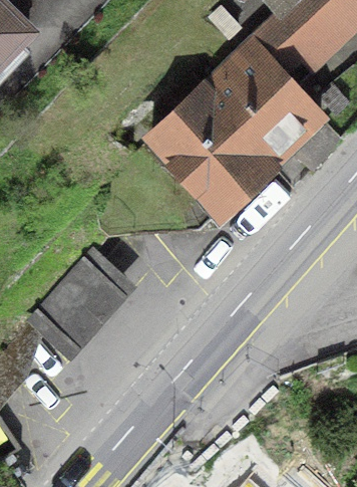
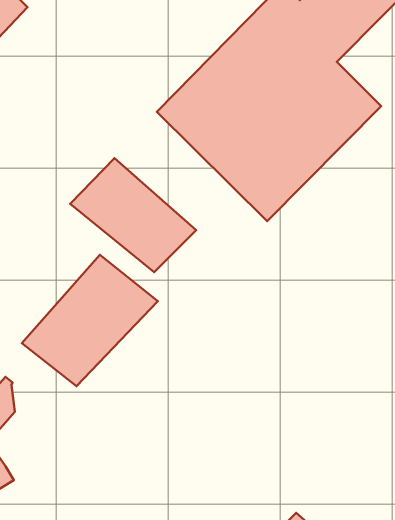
building: none -> [70,158,196,272]

